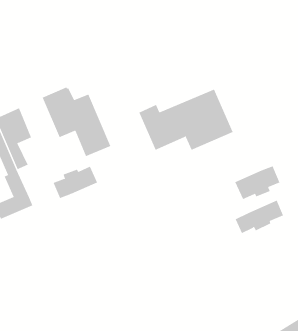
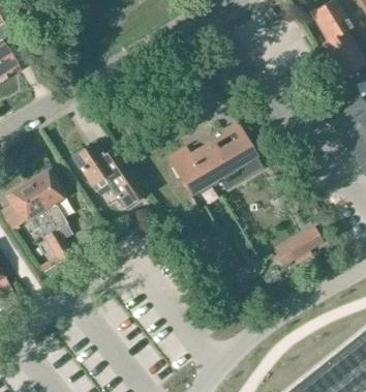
building: [235,165,280,200] -> none
building: [53,166,98,199] -> none

